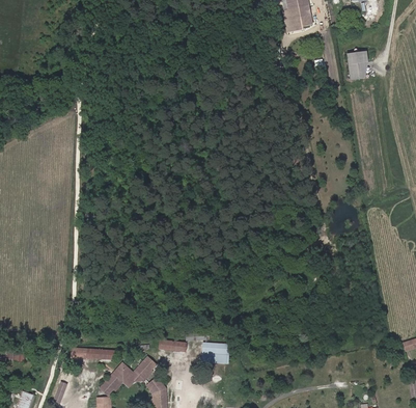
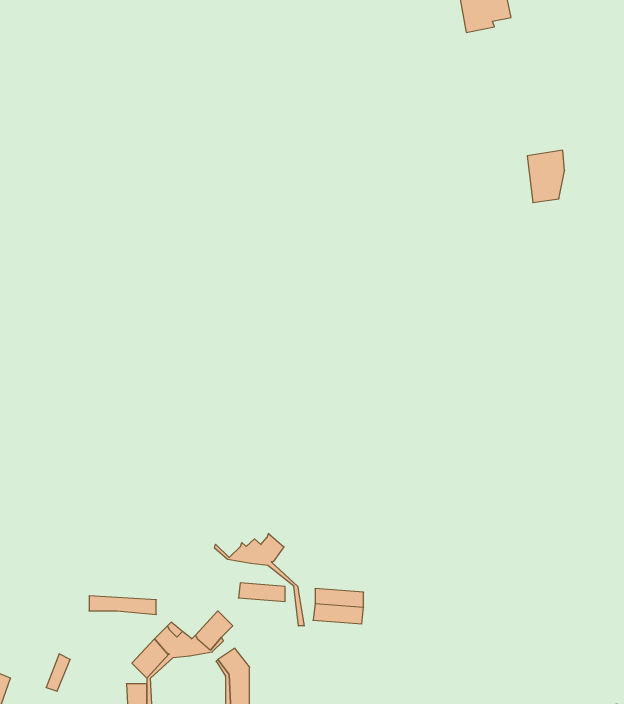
building: [344,51,365,80] -> [527,150,565,203]
building: none -> [214,533,304,626]

